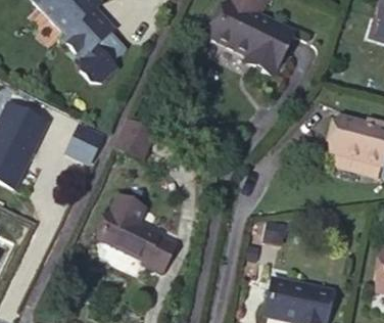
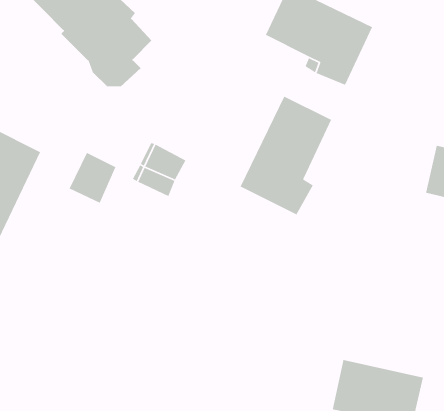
building: none -> [240,95,332,216]
building: [97,193,175,271] -> none

